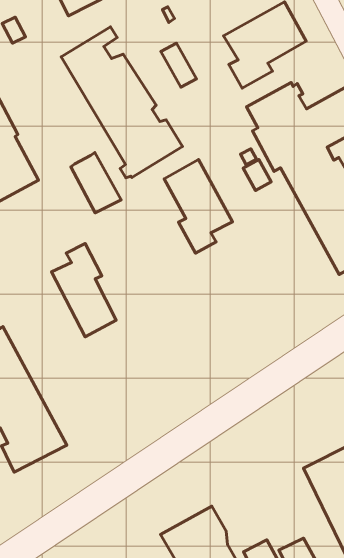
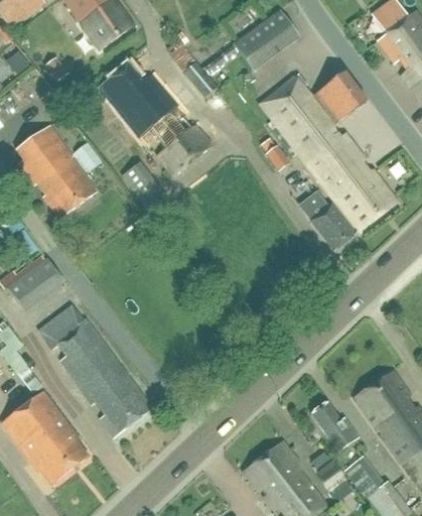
building: [164,159,233,253] -> none
building: none -> [303,197,356,250]
building: [52,243,116,337] -> none
building: none -> [310,401,359,450]

